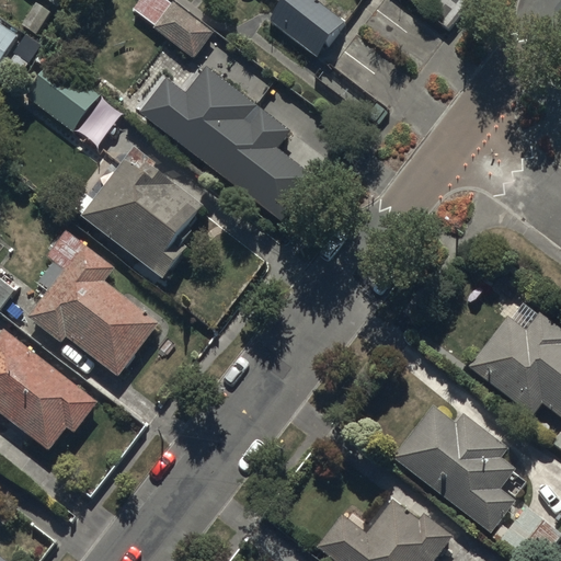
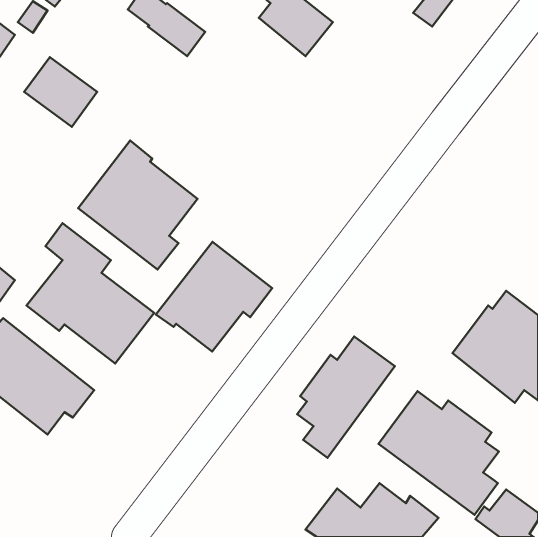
building: [134,65,314,218] -> none
building: none -> [156,242,272,352]
building: none -> [297,336,395,458]

